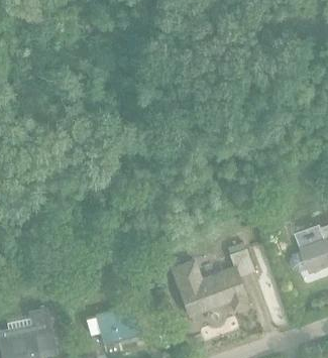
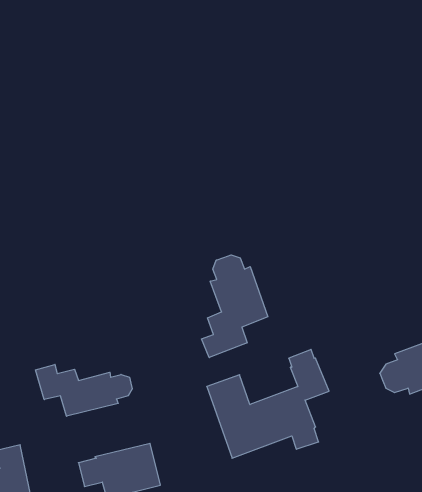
building: none -> [202,255,268,358]
building: none -> [36,364,132,416]

